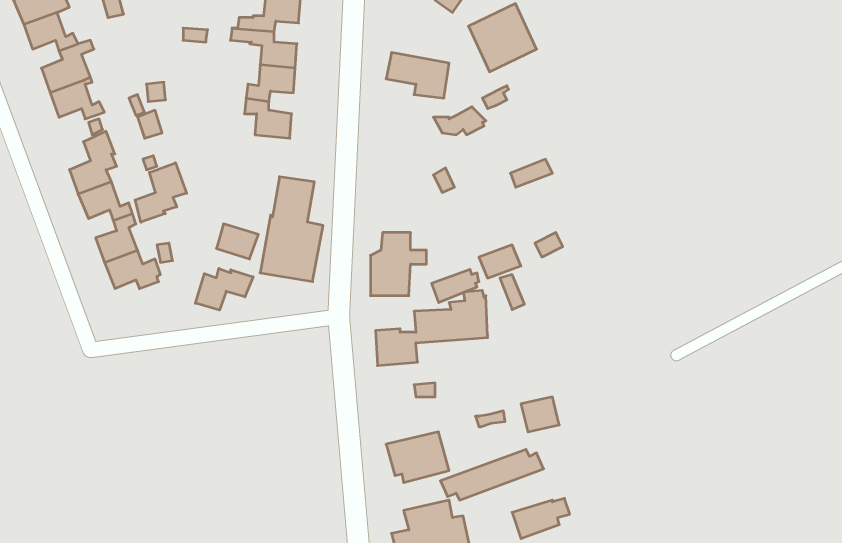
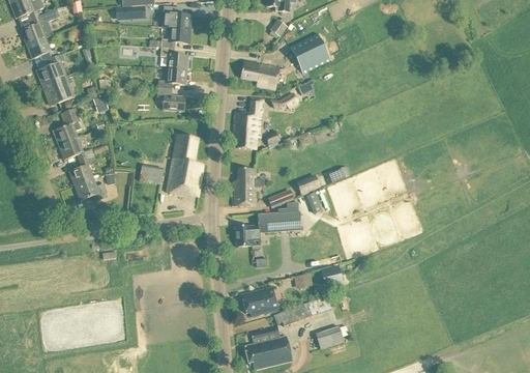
building: none -> [232,95,263,148]
building: [135,163,187,222] -> none
building: [195,268,253,310] -> none

